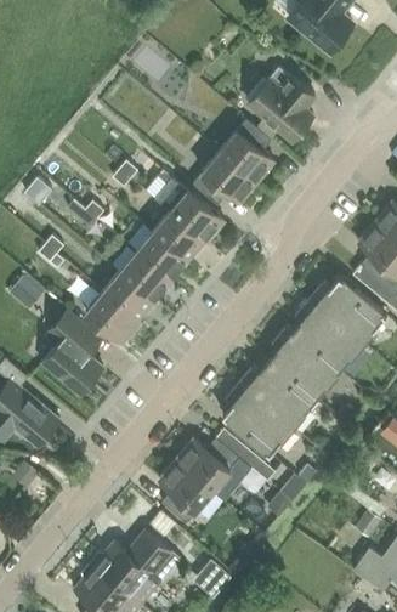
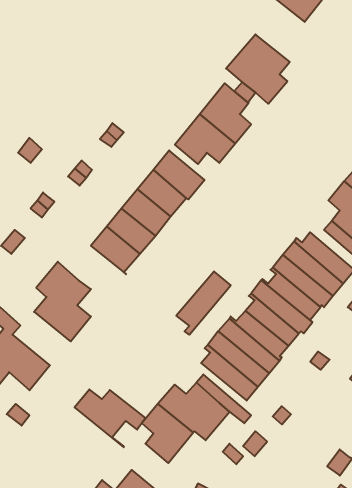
building: [85,293,141,345] -> none
building: none -> [176,271,231,335]
building: none -> [75,389,146,447]

